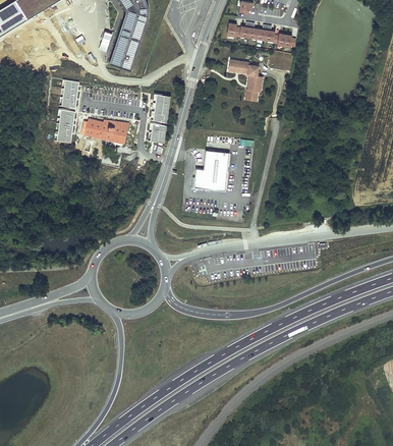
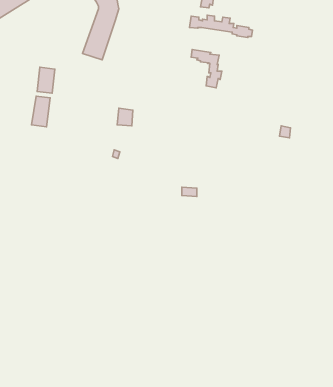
building: [151,95,169,122] -> none
building: [76,118,128,142] -> none
building: [194,150,230,190] -> none

